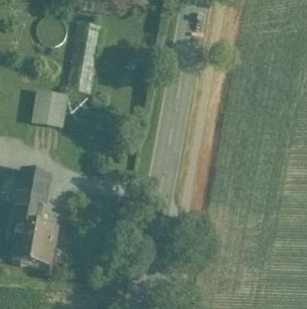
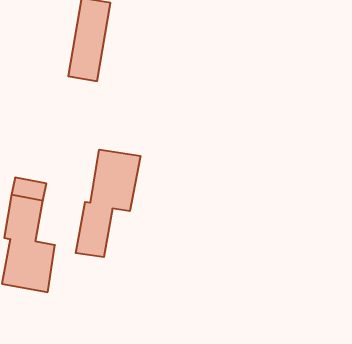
building: [32,89,66,124] -> none
building: none -> [76,150,140,257]

